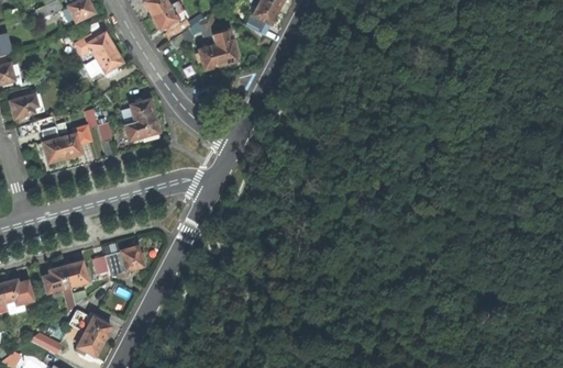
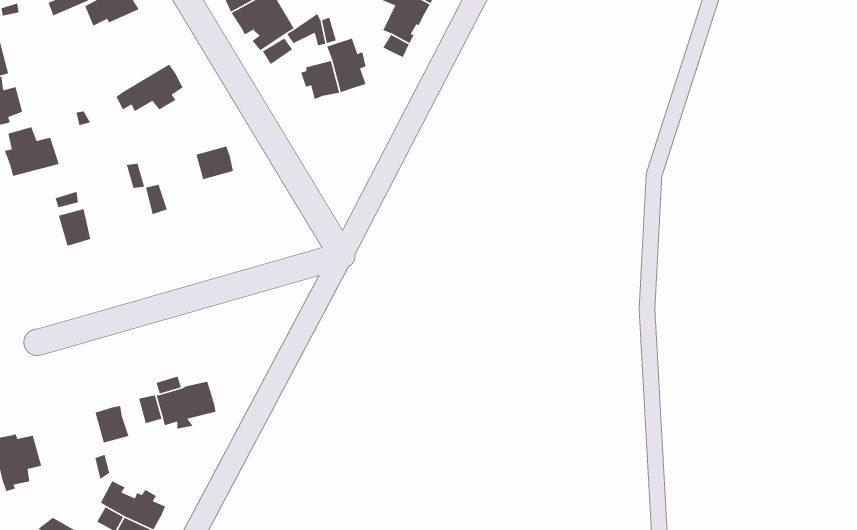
building: [75,29,113,64] -> none
building: [124,114,158,142] -> none
building: [59,124,91,157] -> none
building: [42,266,71,293] -> none

